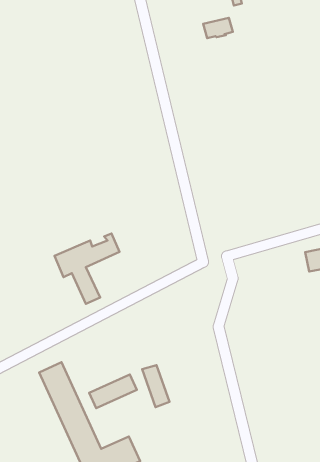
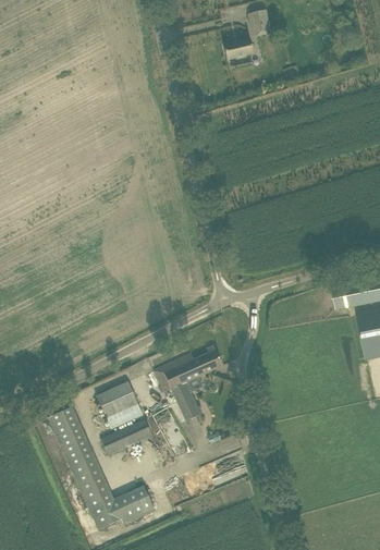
building: [54,233,120,304] -> [152,346,222,421]
building: none -> [94,381,140,430]

